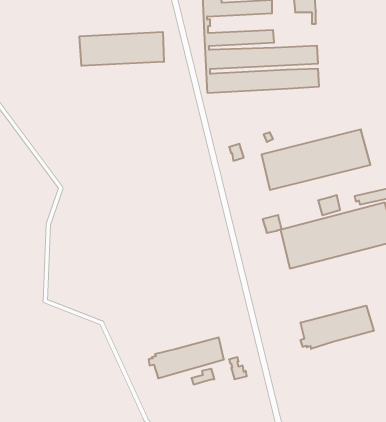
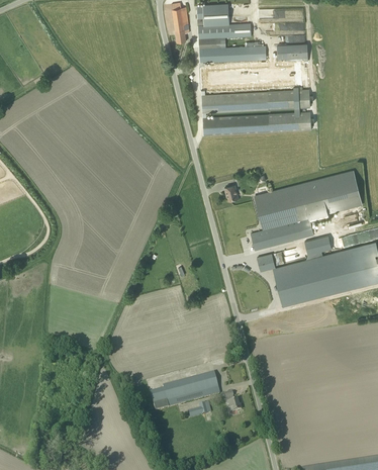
building: [80,32,164,66] -> none
building: none -> [251,218,313,250]
building: [300,306,374,349] -> none

